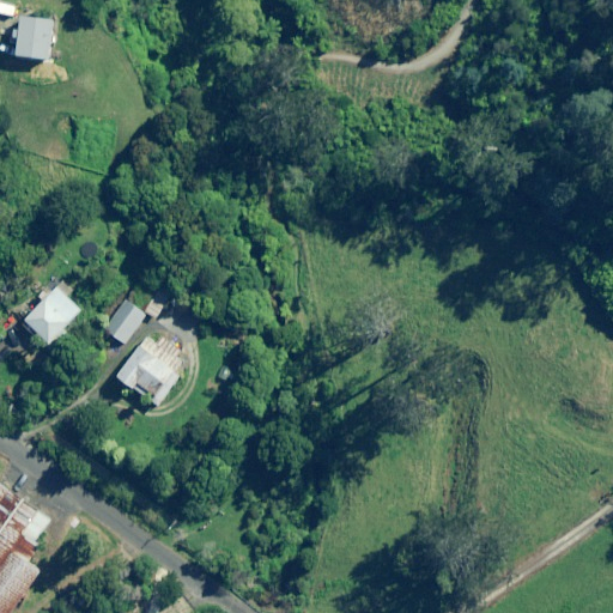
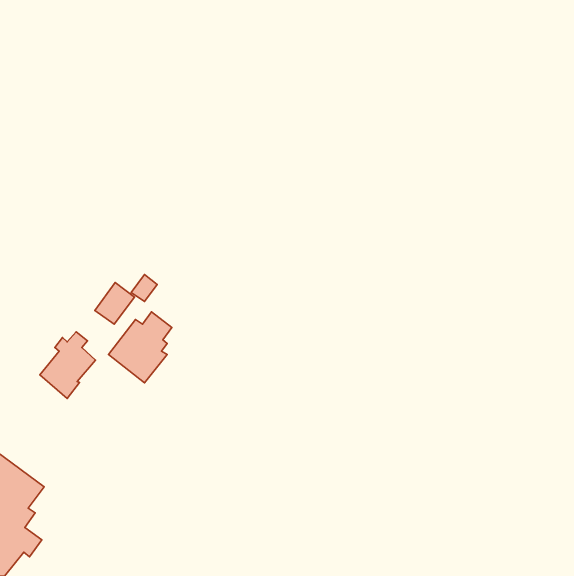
building: [10,16,51,60] -> none
building: [19,280,78,351] -> [40,332,95,398]

